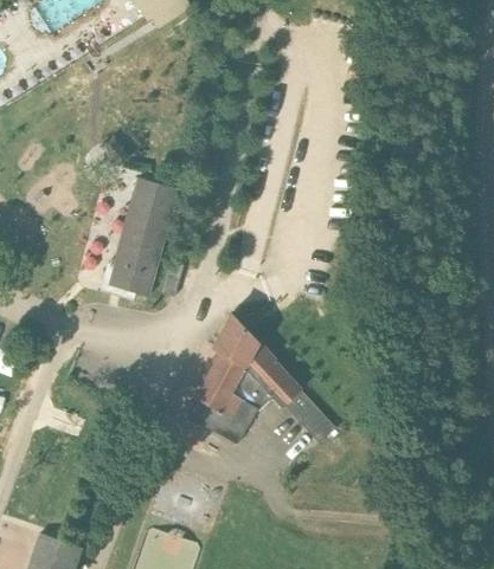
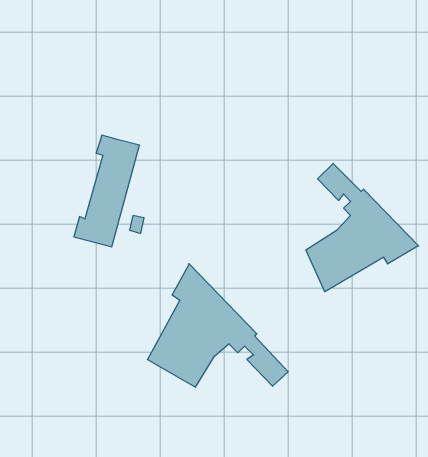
building: none -> [306,163,419,292]

